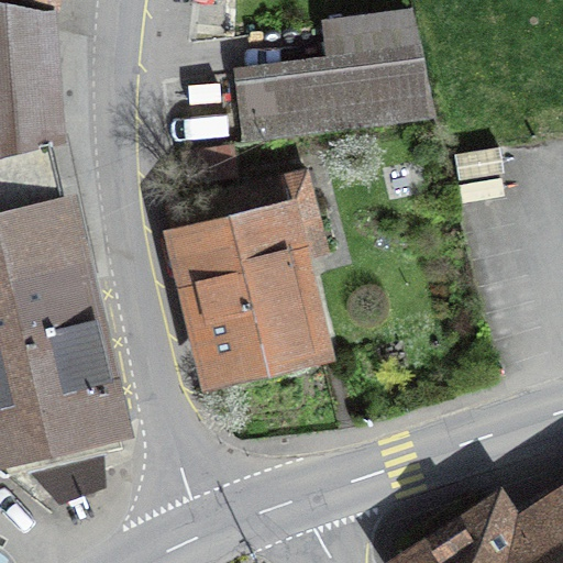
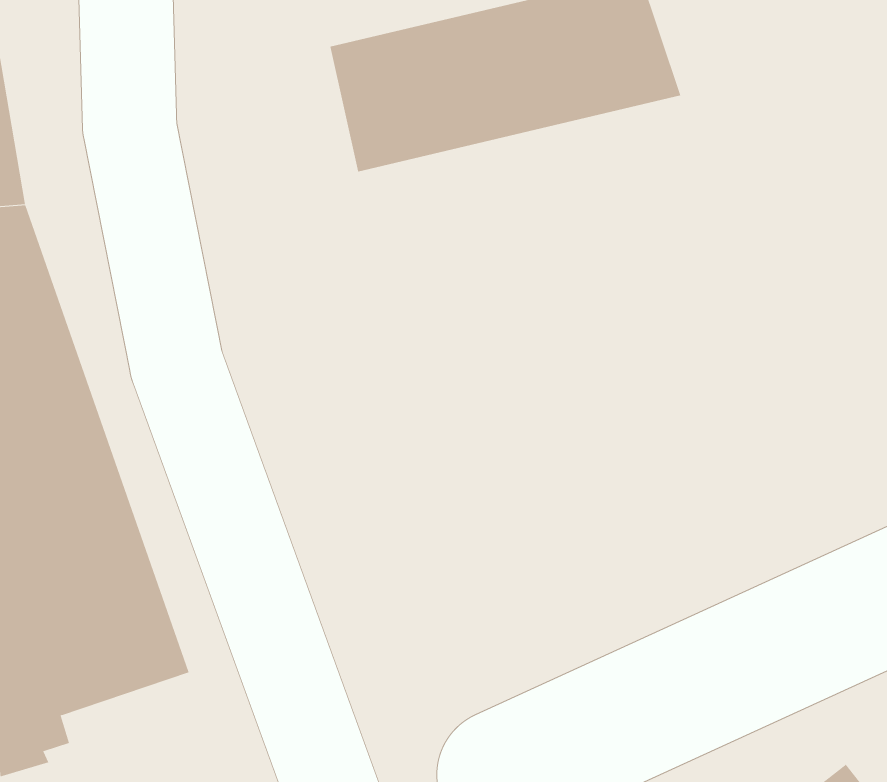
building: [180,170,327,369] -> none

